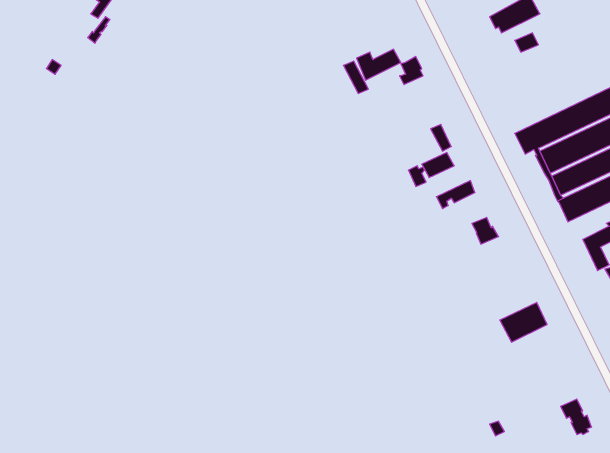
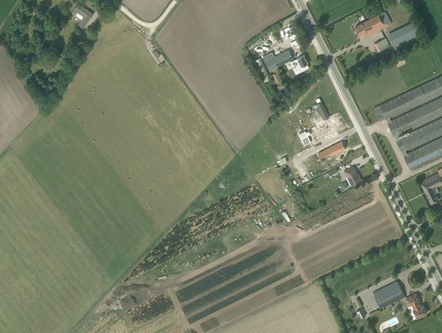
building: none -> [386,23,417,48]
building: [500,302,547,342] -> [372,281,405,308]

